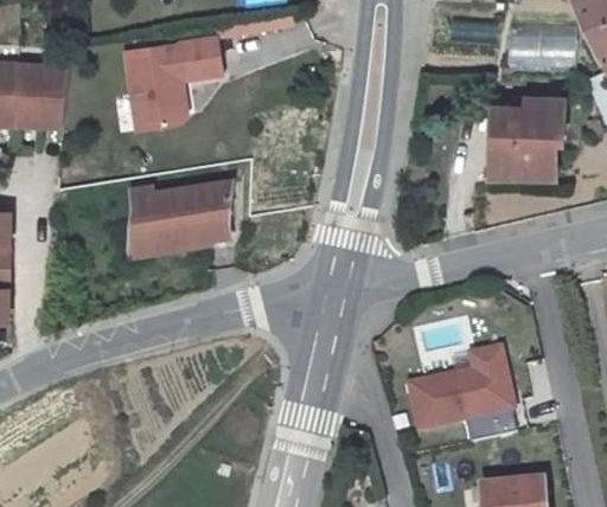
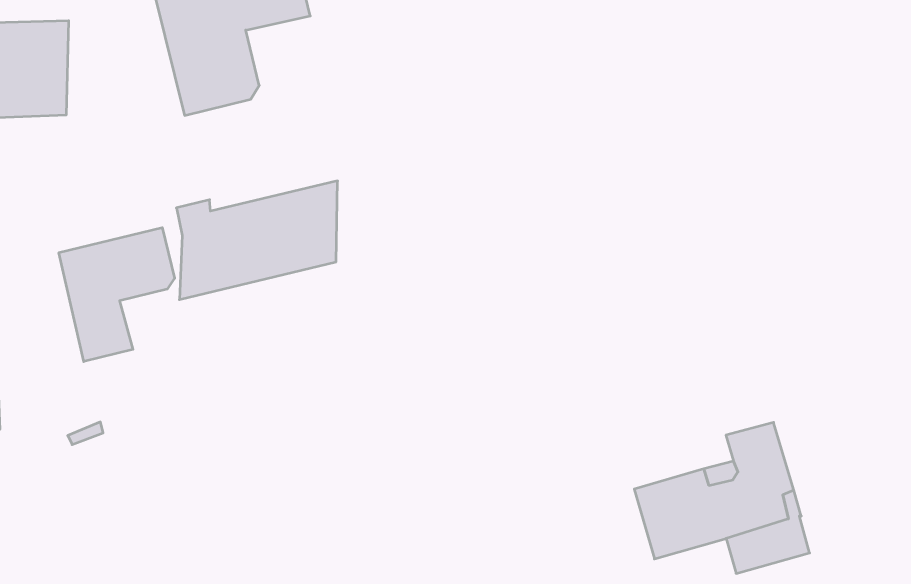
building: [492,98,571,182] -> none
building: none -> [59,228,175,362]

